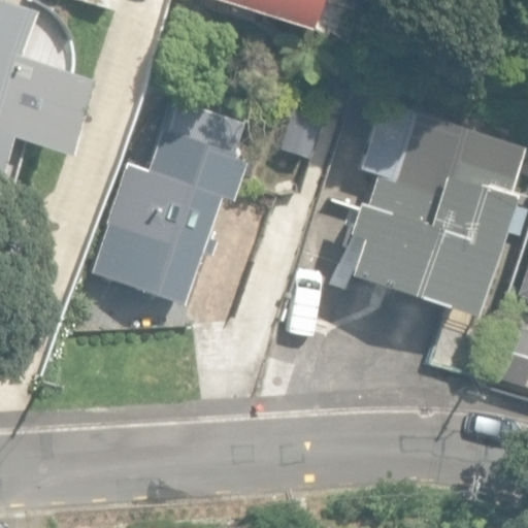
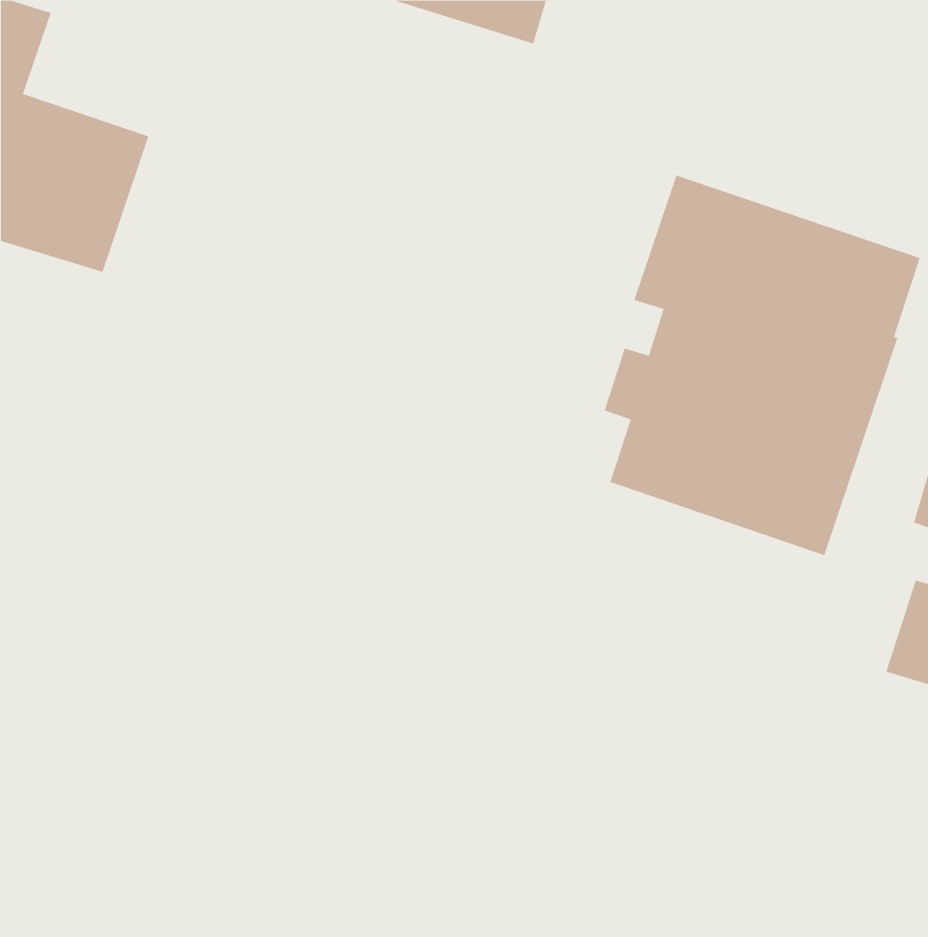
building: [94,98,250,305] -> none

